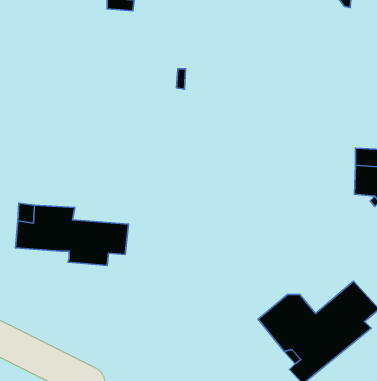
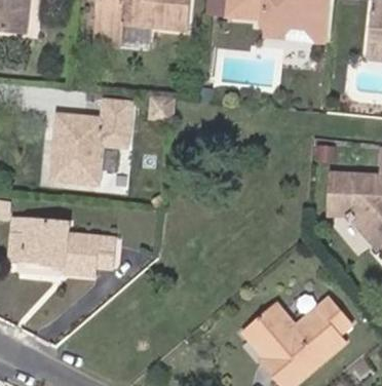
building: none -> [46,95,135,188]

